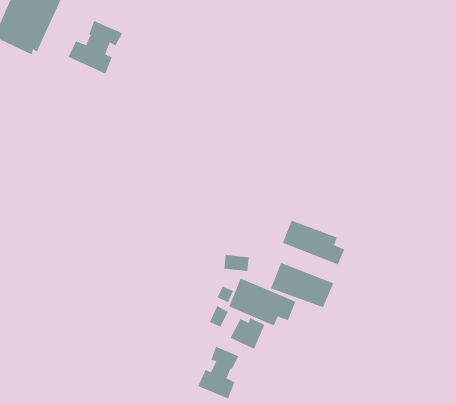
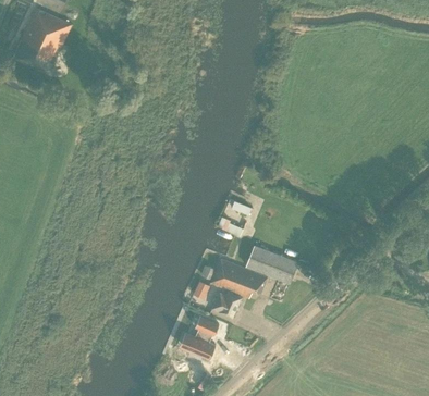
building: [68,20,123,74] -> none
building: [282,220,345,265] -> none

